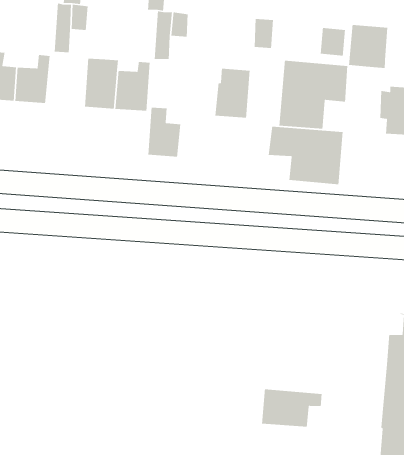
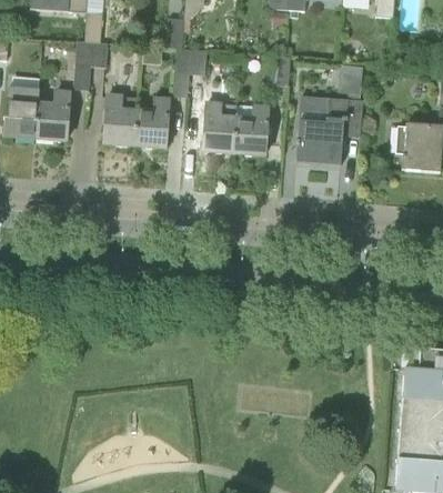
building: [348,24,388,69] -> none
building: [147,107,181,157] -> [203,101,236,151]
building: [268,126,344,185] -> none
building: [261,388,322,427] -> none

